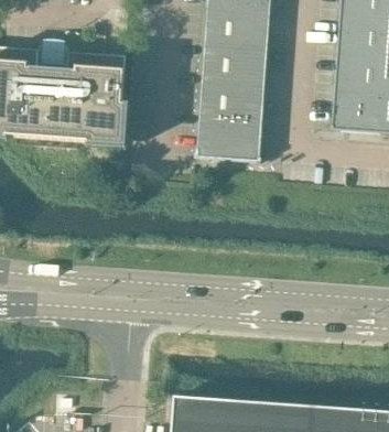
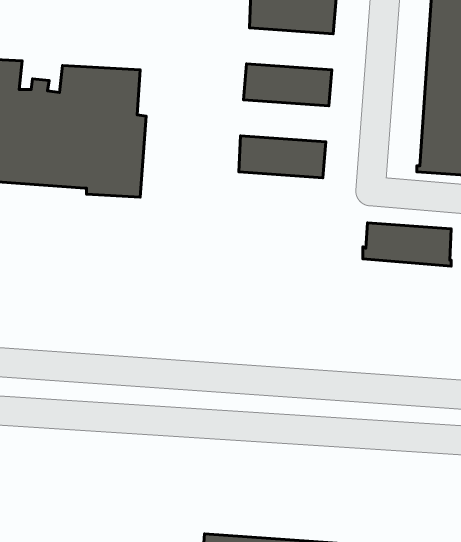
building: [204,24,268,55] -> none
building: [199,77,264,108] -> none
building: [195,130,260,162] -> [363,223,451,266]

